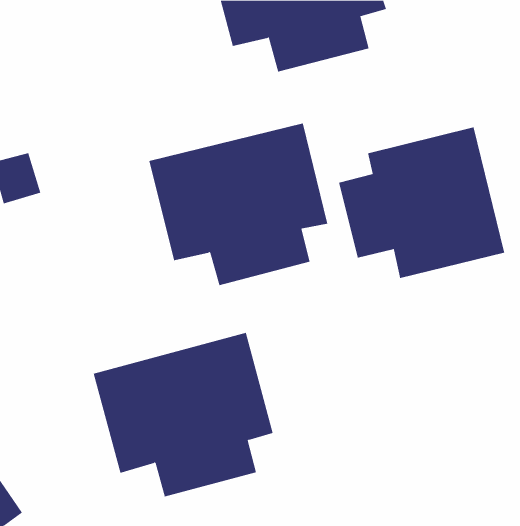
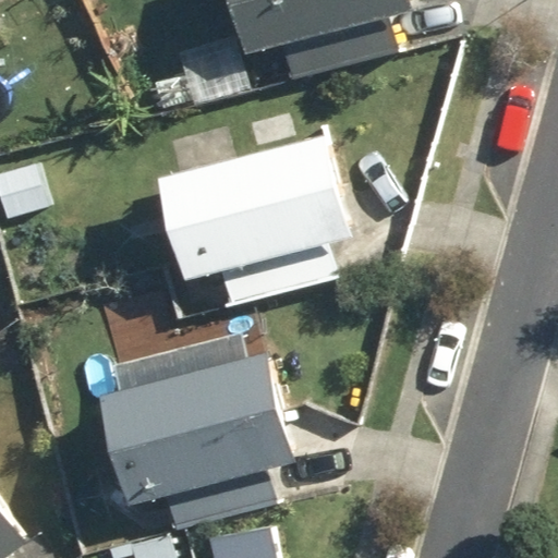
building: [339,127,505,279] -> none

